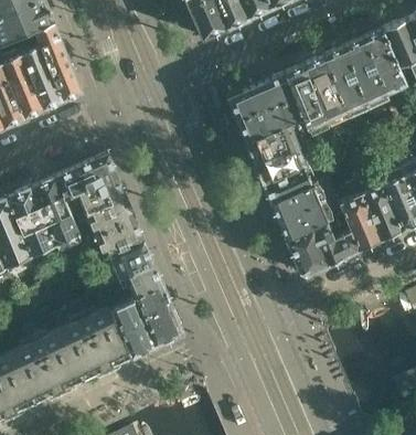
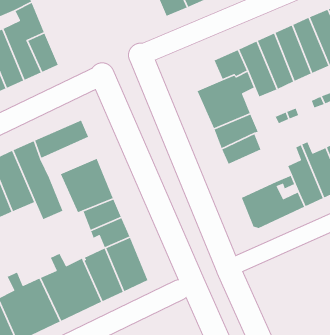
building: [227,88,265,123] -> none
building: [62,174,125,220] -> none
building: [271,189,324,242] -> none

